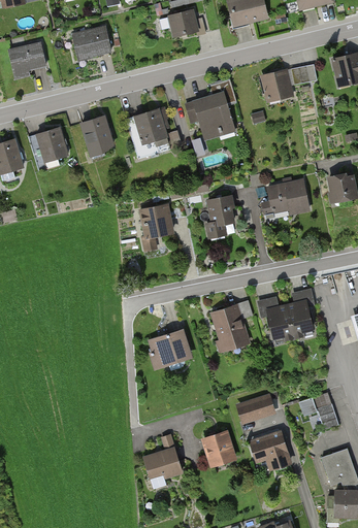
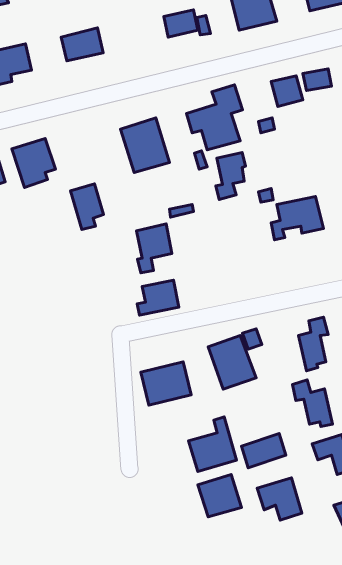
building: [83,117,112,158] -> [71,184,104,229]
building: [207,194,234,236] -> [216,153,245,199]
building: none -> [137,280,179,315]
building: [259,297,295,339] -> [292,380,332,427]
building: [140,435,184,485] -> [189,417,237,472]

